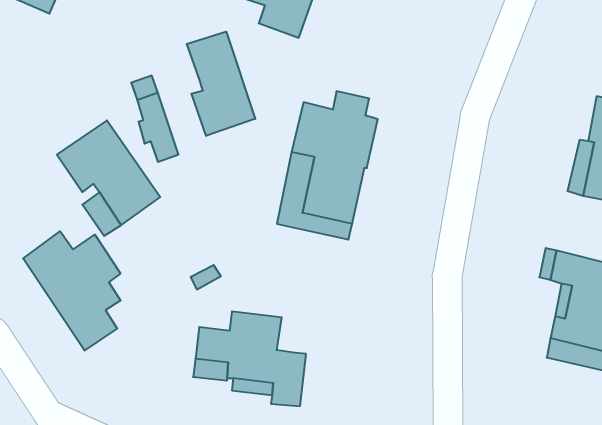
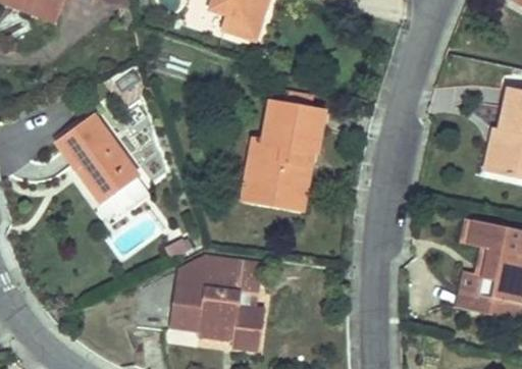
building: [187,32,255,136] -> none
building: [23,231,121,351] -> none
building: none -> [173,251,260,306]

